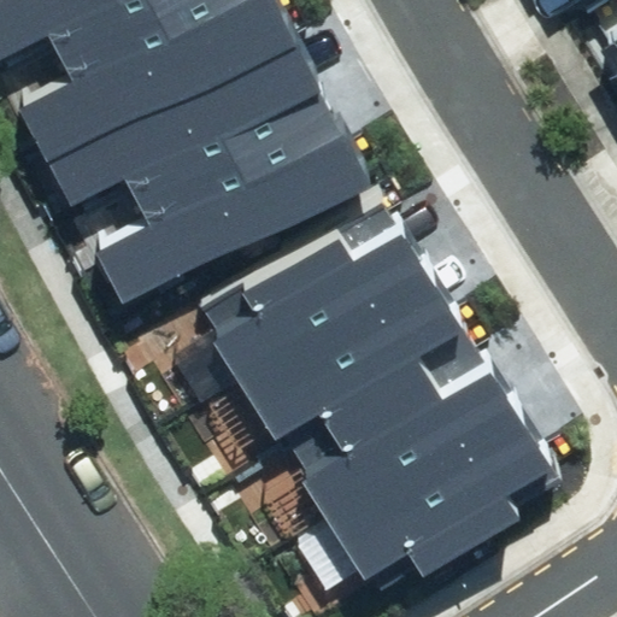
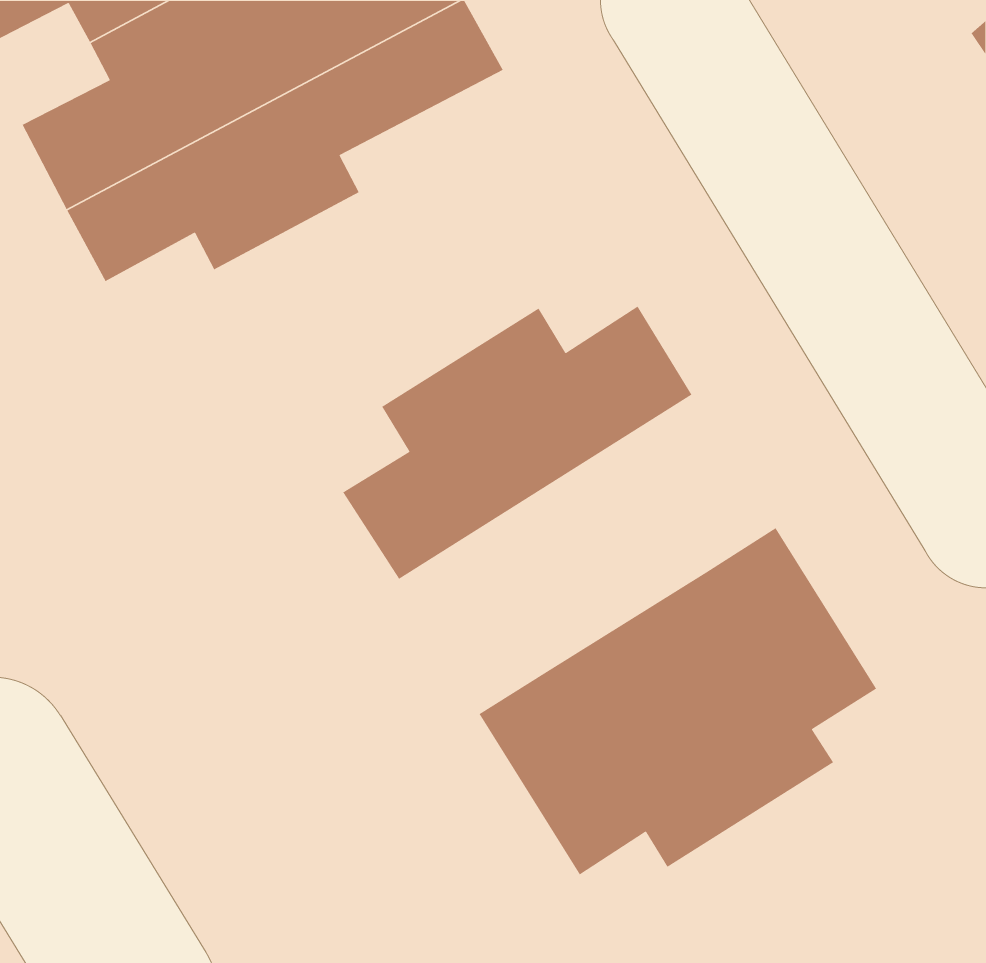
building: [93,110,364,289] -> none
building: [247,264,453,435] -> none

